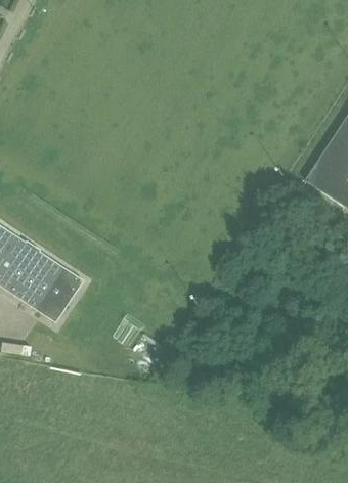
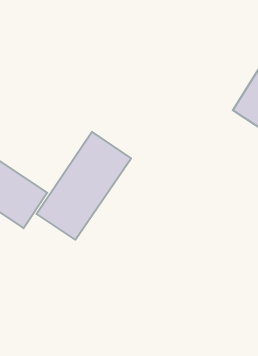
building: none -> [36,132,131,240]

